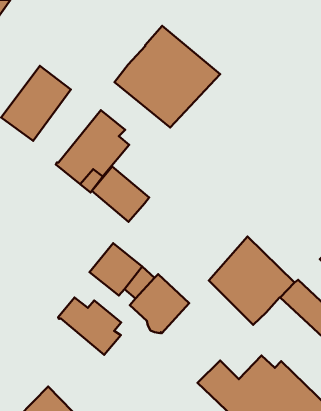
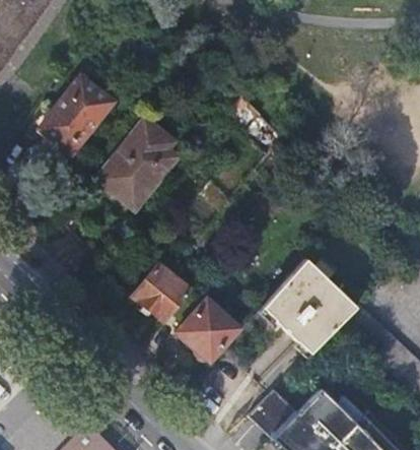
building: [115,26,220,128] -> none
building: [92,167,149,222] -> none
building: [58,298,121,355] -> none

